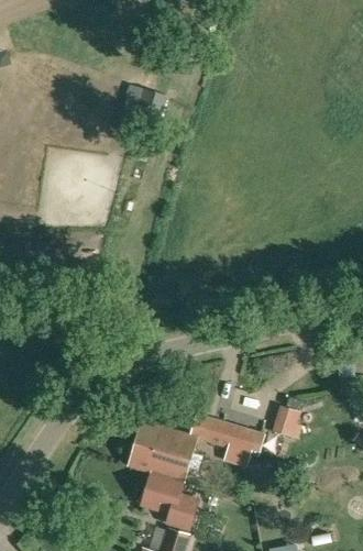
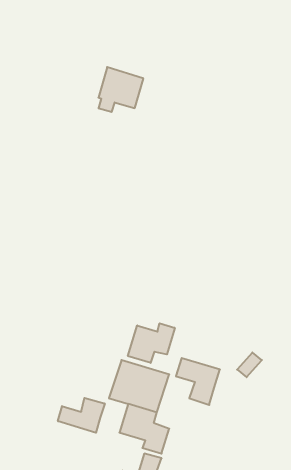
building: none -> [128,323,175,363]
building: none -> [58,398,105,433]

